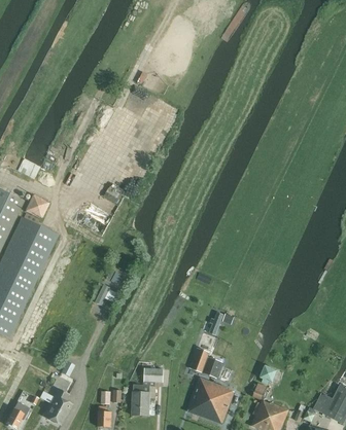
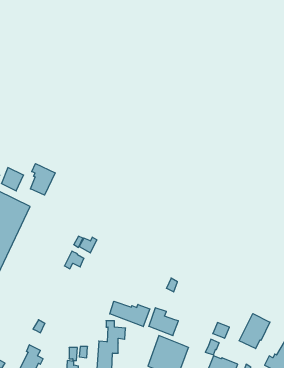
building: none -> [30,164,55,195]
building: none -> [110,301,150,327]
building: none -> [239,314,270,349]

